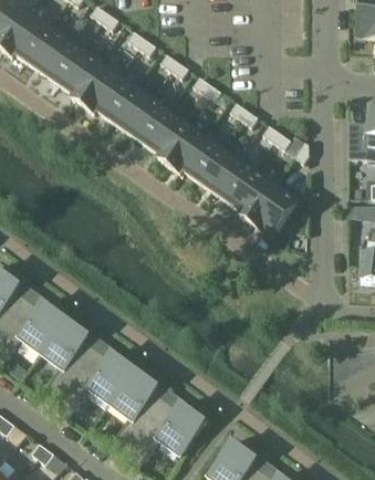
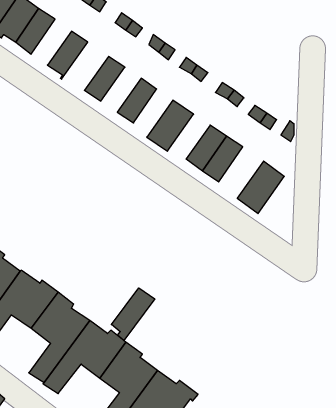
building: [41,39,82,85] -> none
building: [72,62,119,114] -> none
building: [112,87,153,133] -> none
building: [145,109,185,158] -> none
building: [181,135,222,180] -> none
building: [231,168,277,220] -> none
building: none -> [111,288,155,341]

